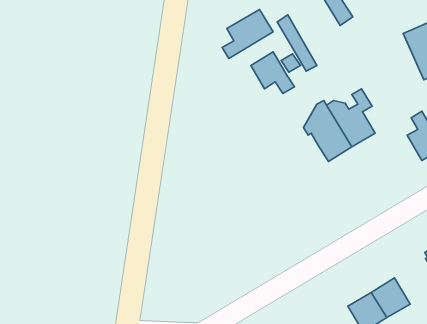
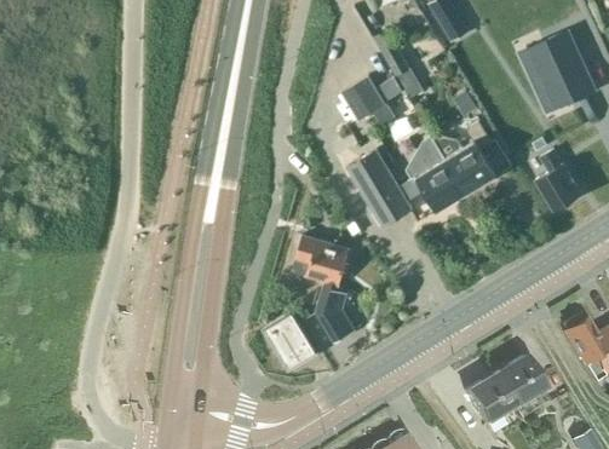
building: [222,9,273,59] -> none
building: none -> [349,148,427,225]
building: none -> [294,234,357,340]
building: none -> [268,312,320,368]

